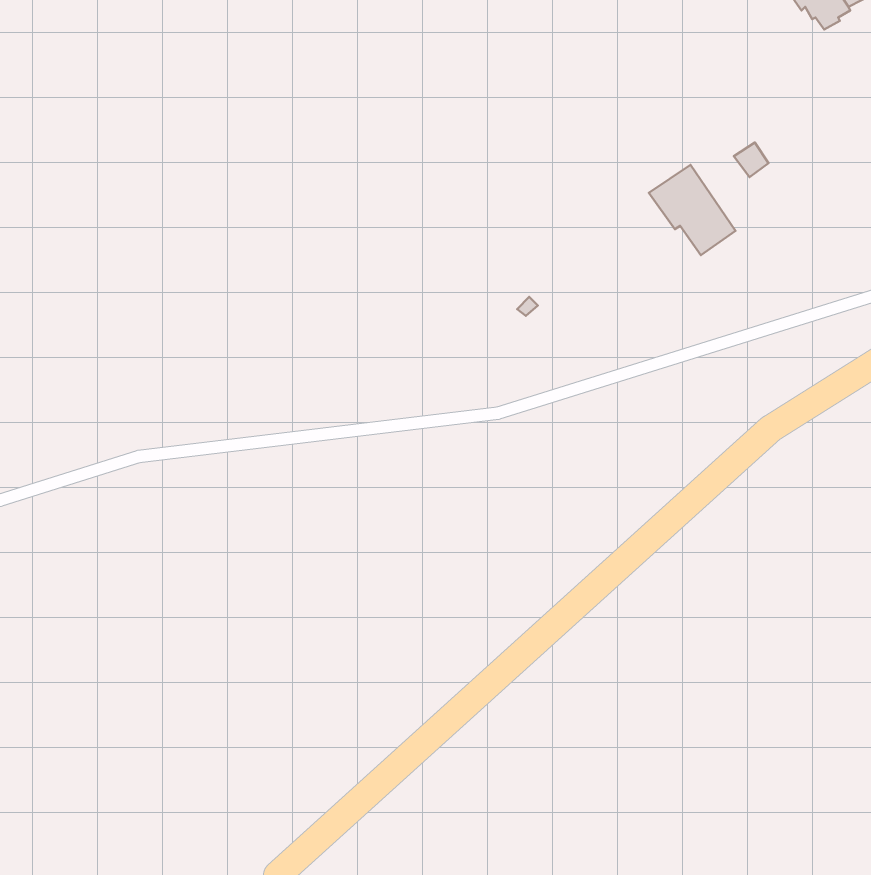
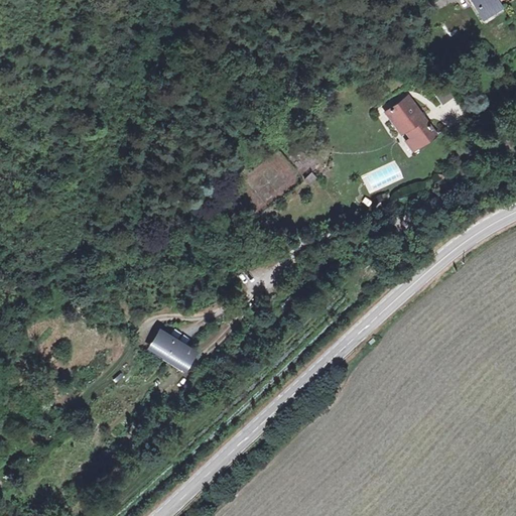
building: none -> [148,333,188,366]

